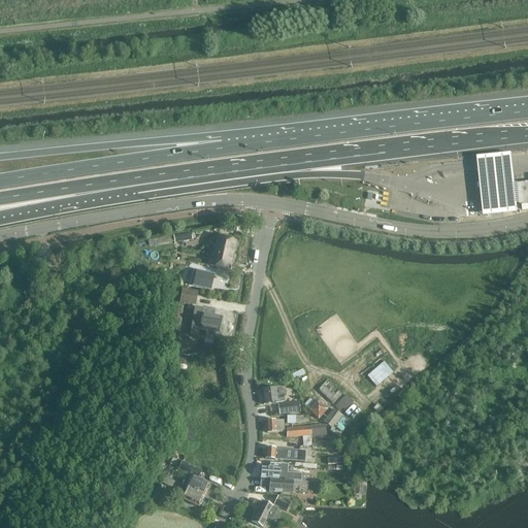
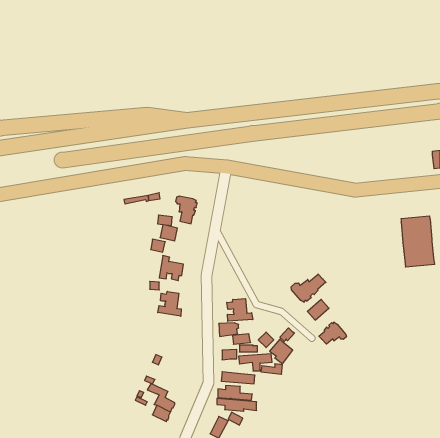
building: [476,156,517,217] -> [401,216,435,267]
building: none -> [291,274,326,302]
building: none -> [158,291,181,316]
building: none -> [227,299,253,321]
building: none -> [319,322,346,344]

